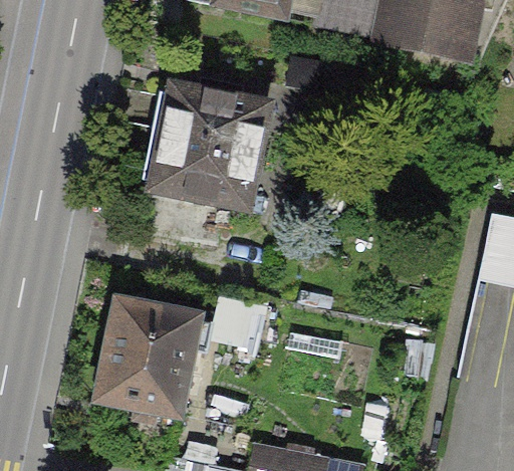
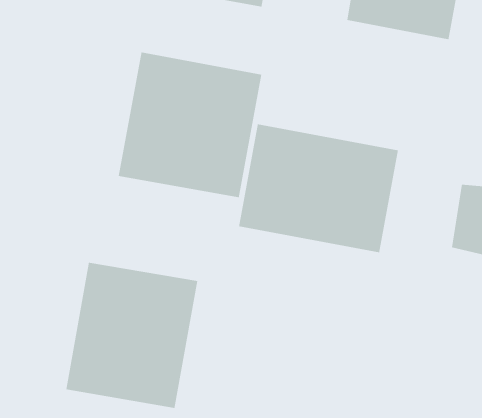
building: none -> [239,123,398,253]

